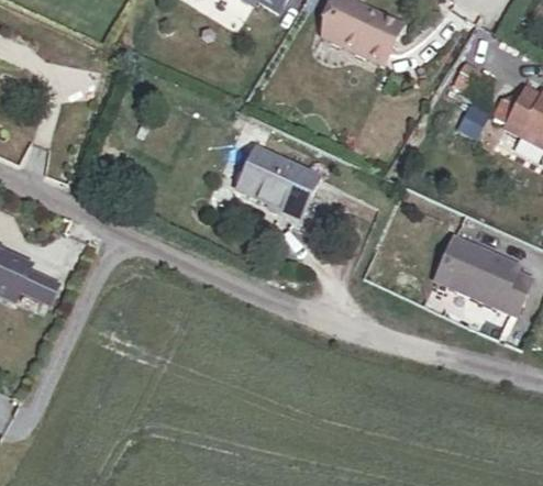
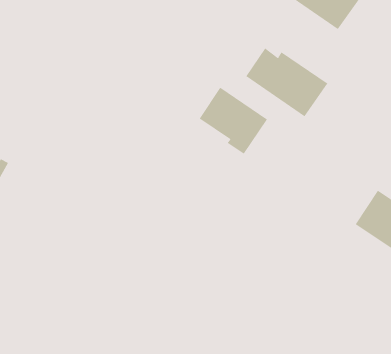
building: none -> [245,48,328,117]

